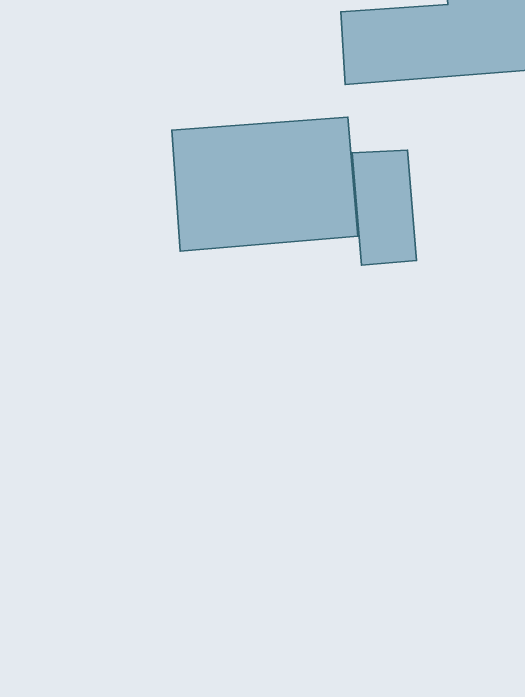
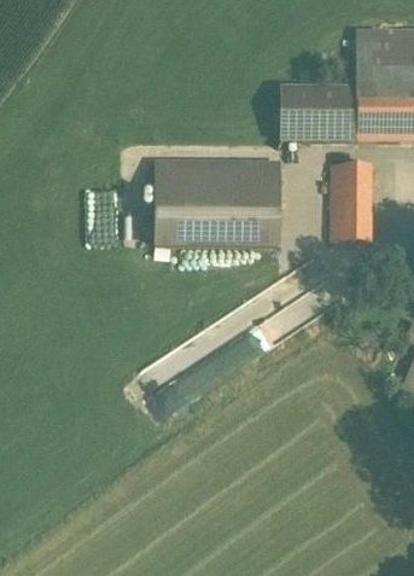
building: [352,150,417,265] -> [333,161,372,239]

